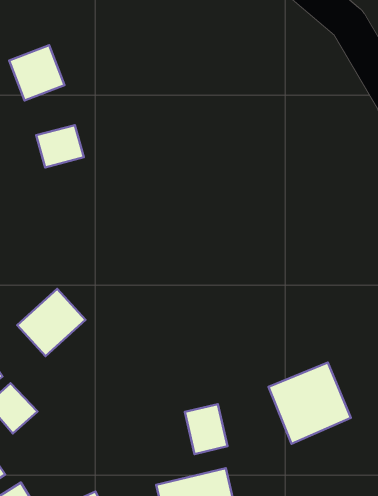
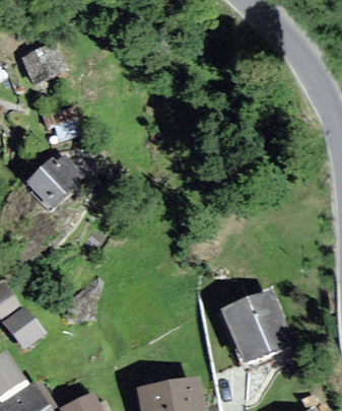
building: [17,289,86,356] -> [25,152,79,205]
building: [185,404,228,454] -> none

